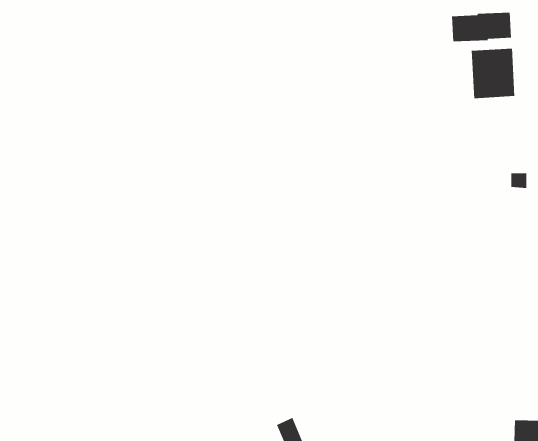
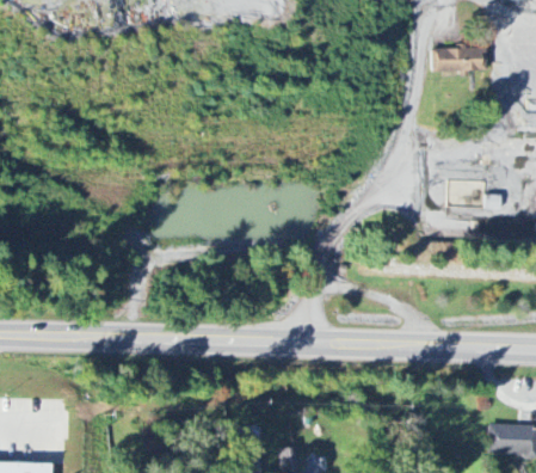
building: [471,48,515,99] -> none

